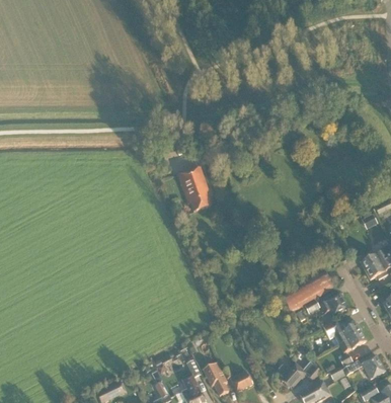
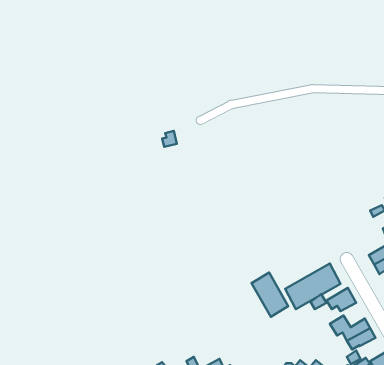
building: [177,166,210,211] -> none
building: none -> [251,272,288,317]

